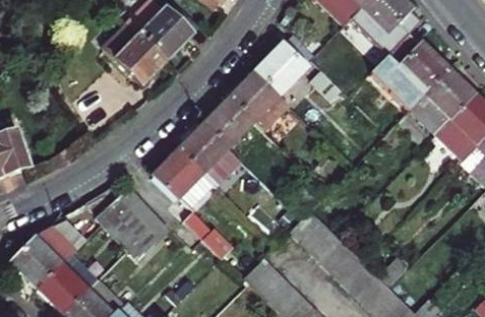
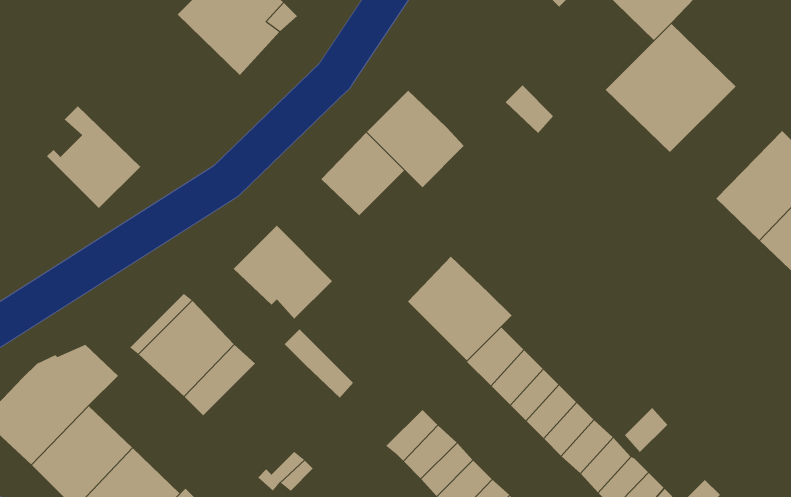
building: [105,29,160,89] -> [46,105,141,209]
building: [257,39,313,94] -> none
building: [409,71,474,136] -> none
building: [181,125,242,186] -> [407,256,512,361]

